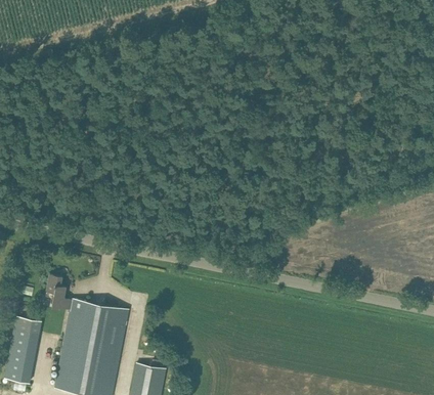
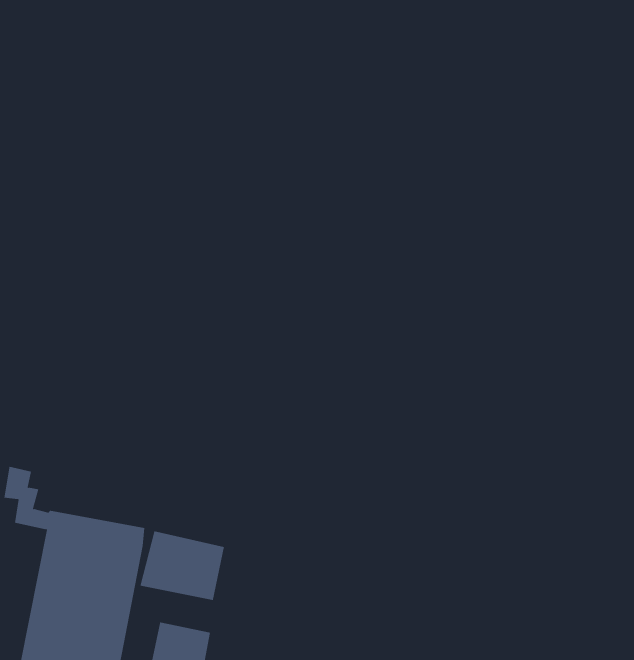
building: none -> [140,531,225,601]

